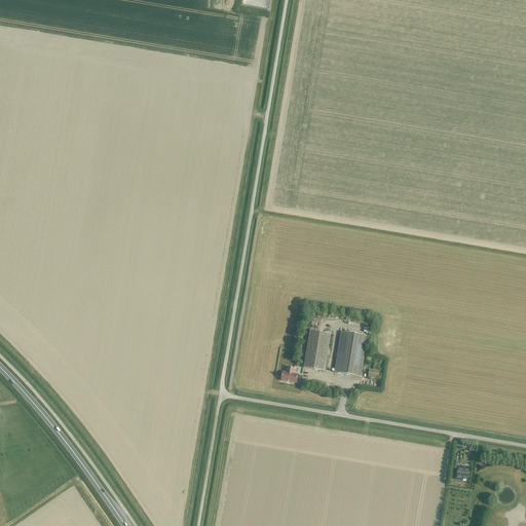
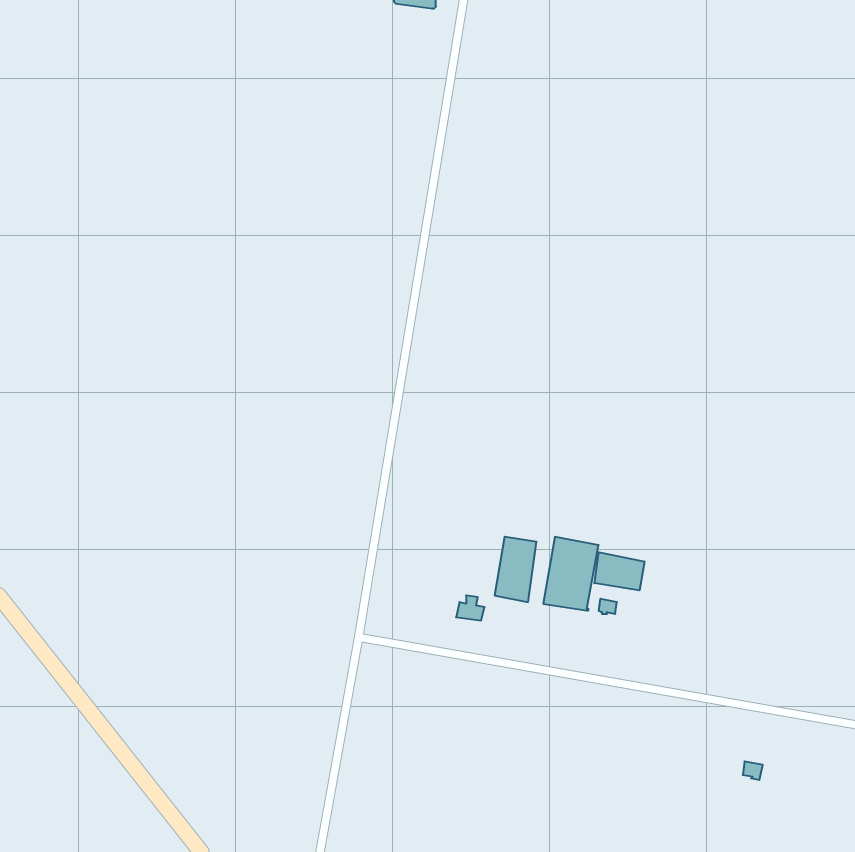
building: none -> [594,552,644,590]

